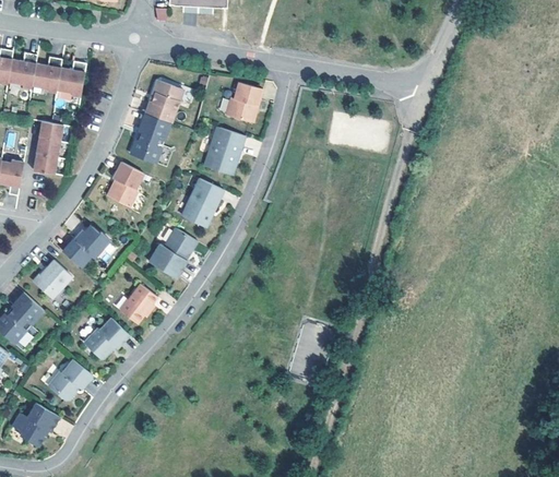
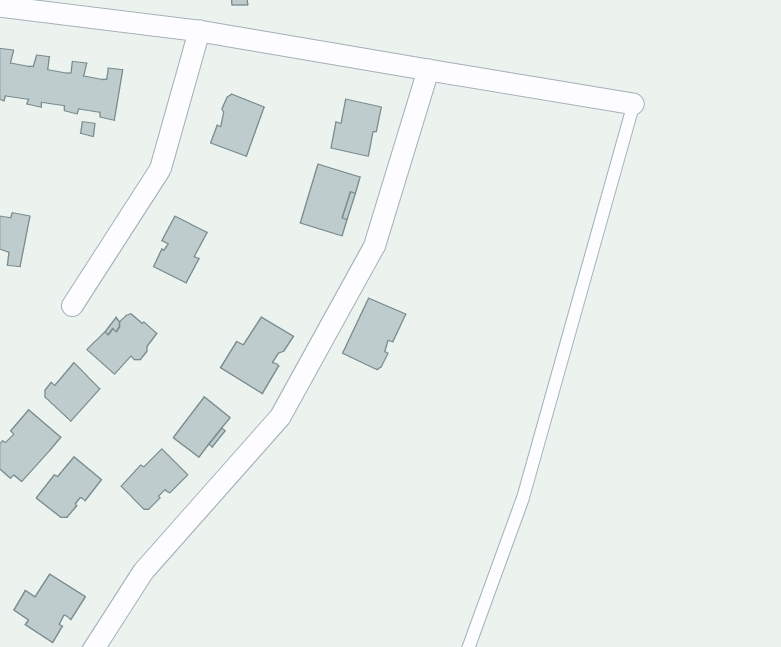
building: [130,112,168,159] -> none
building: [32,121,62,174] -> none
building: [181,178,224,226] -> [343,298,406,370]
building: [48,359,92,400] -> [36,457,101,517]

